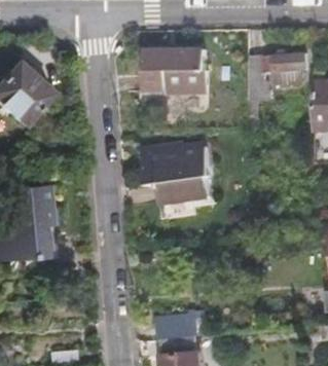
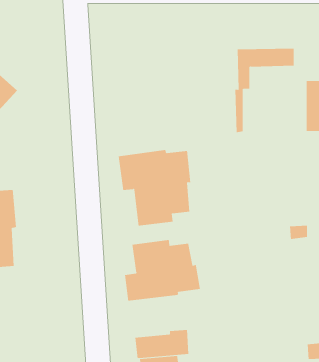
building: [142,50,207,90] -> none
building: none -> [124,239,200,301]

